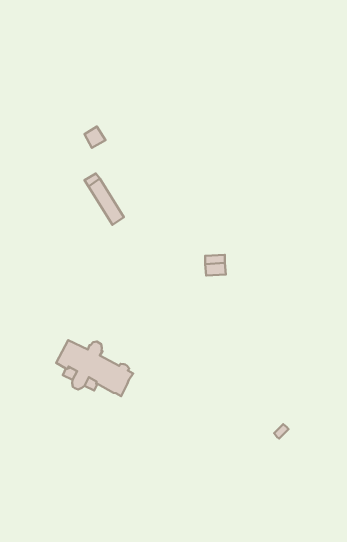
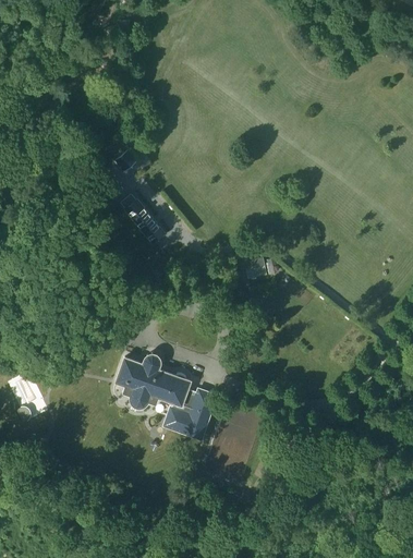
building: none -> [165,389,215,437]

